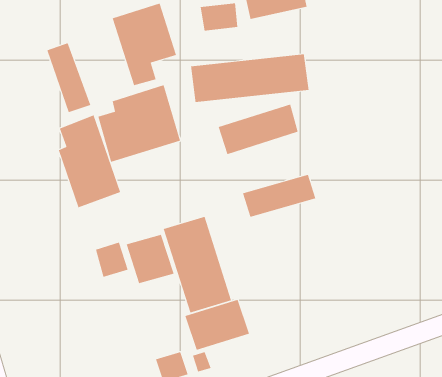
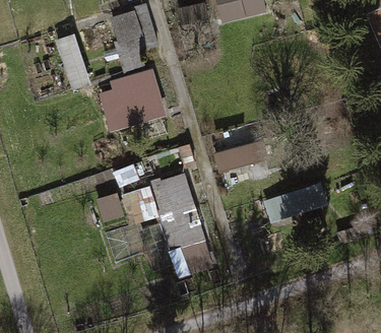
building: [190,54,309,103] -> none
building: [218,104,299,155] -> [262,184,326,224]
building: [58,114,121,208] -> none

